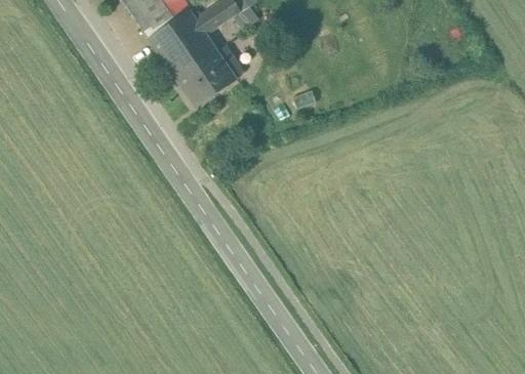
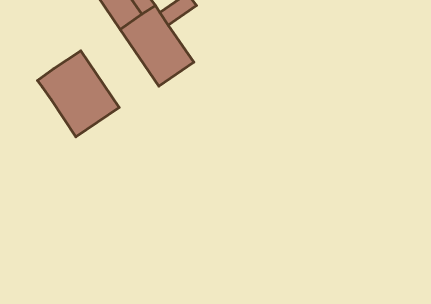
building: none -> [37,51,119,137]

